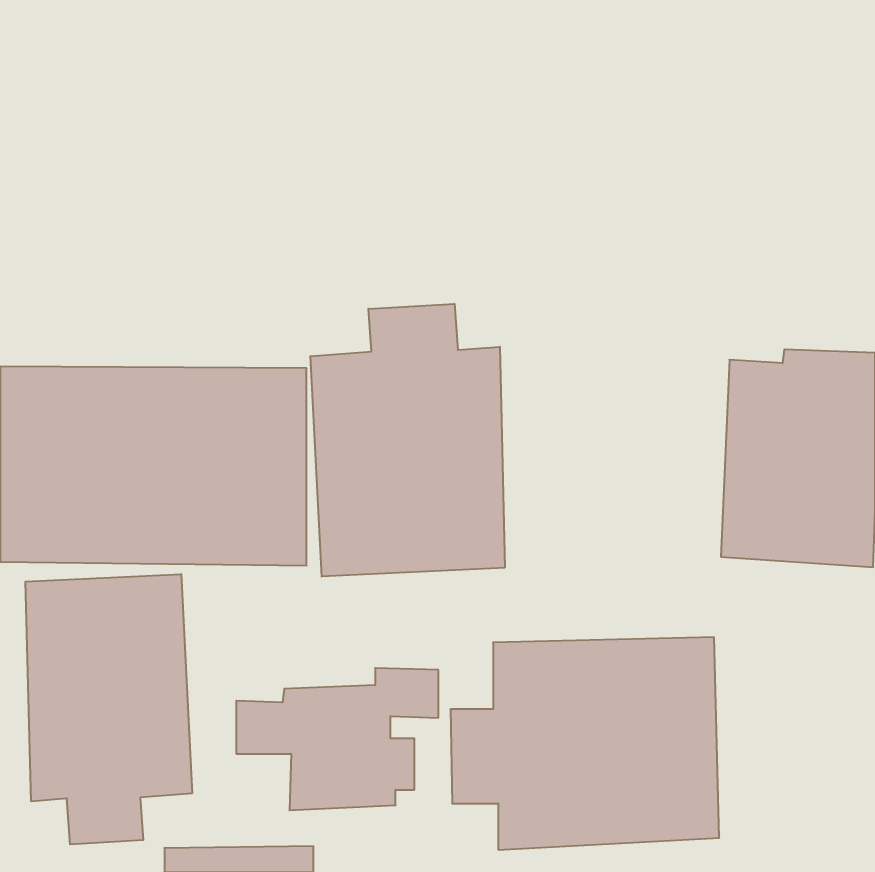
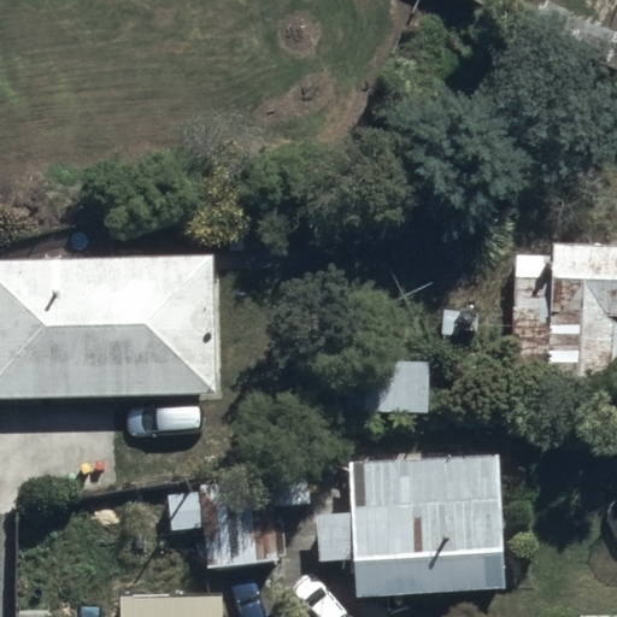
building: [311,304,505,577] -> none
building: [25,574,192,844] -> none

